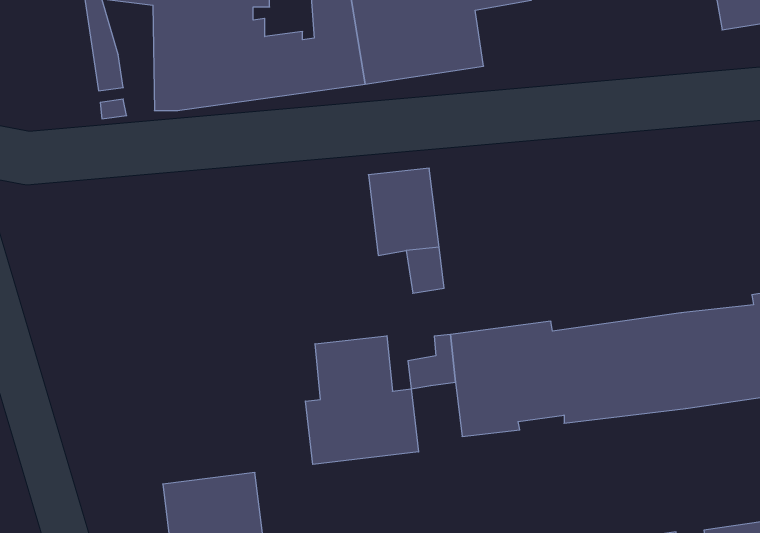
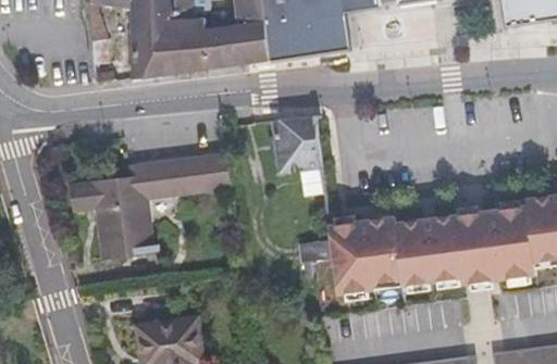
building: none -> [73,153,233,258]
building: [305,336,419,464] -> none

